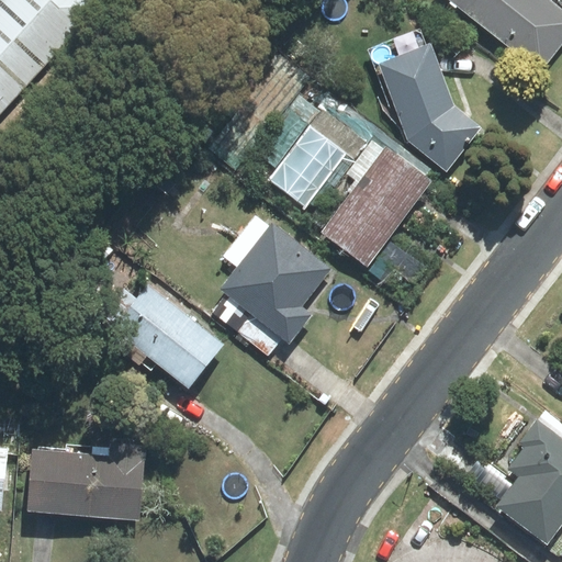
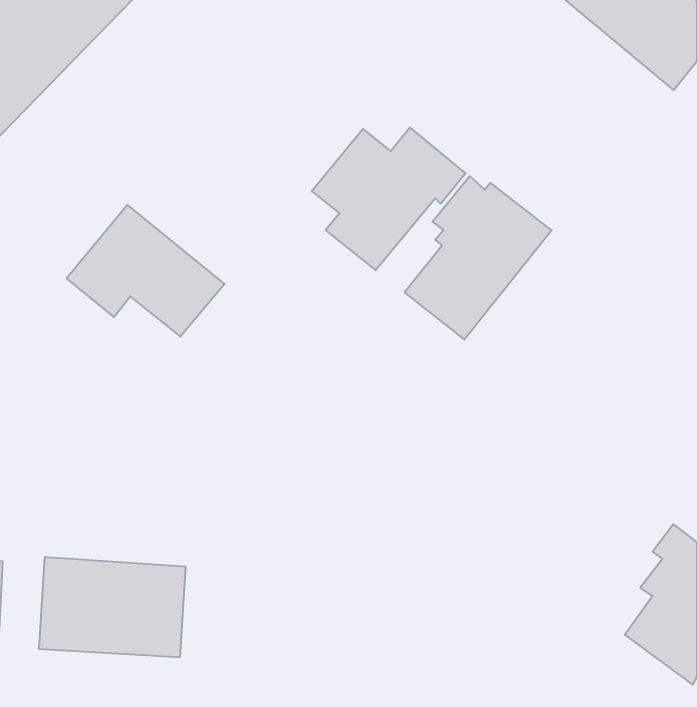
building: [383,40,482,171] -> none
building: [218,210,330,357] -> none
building: [101,281,226,385] -> [67,205,225,337]

